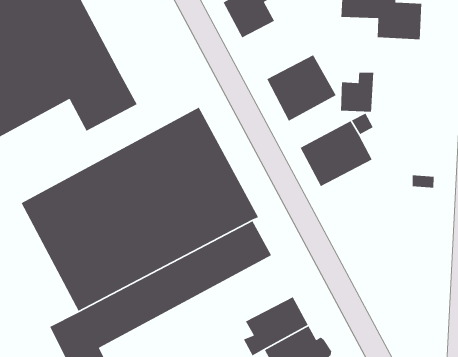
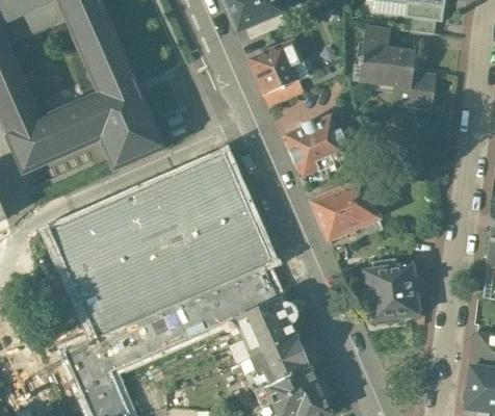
building: [340,72,374,113] -> none
building: none -> [366,262,419,321]
building: none -> [229,303,295,364]

